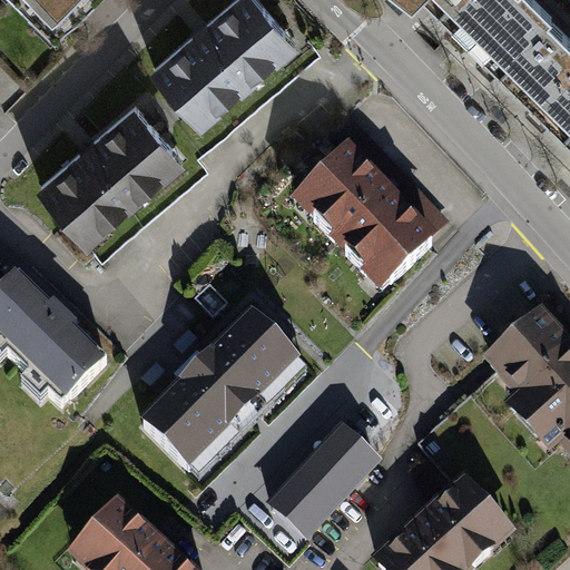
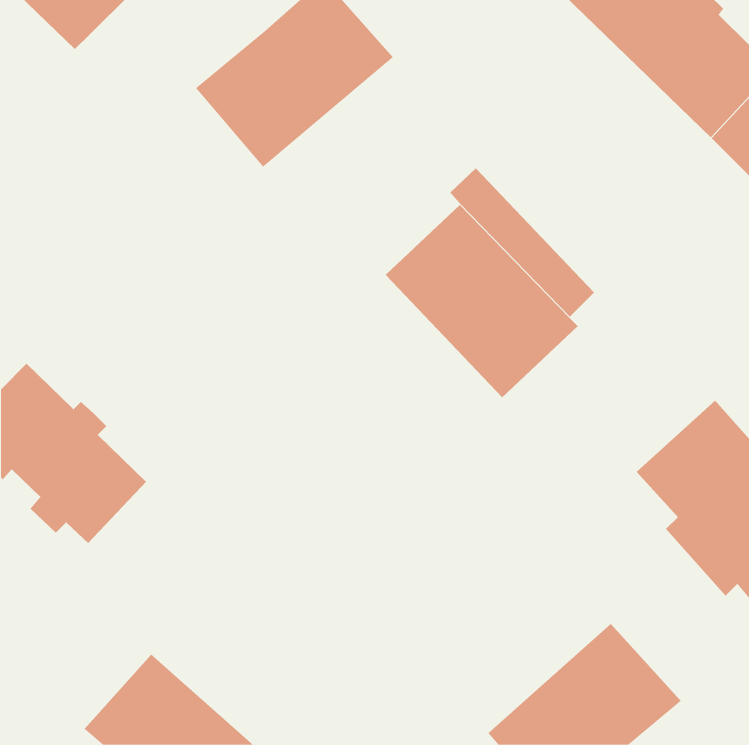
building: [36,102,185,246] -> none
building: [137,306,299,468] -> none
building: [266,421,383,540] -> none

